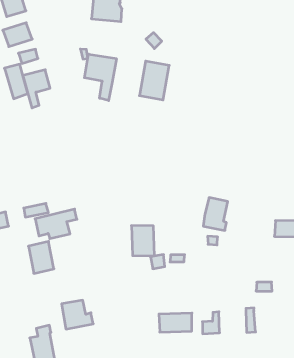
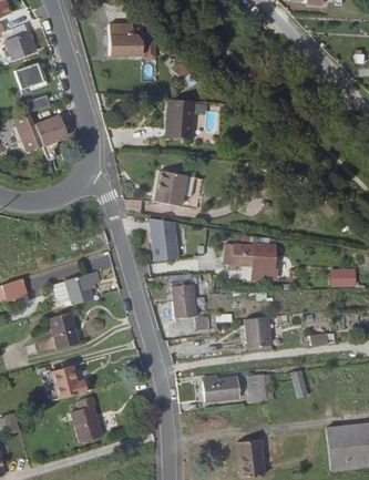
building: [84,54,116,101] -> none
building: none -> [156,170,204,207]
building: none -> [147,215,178,259]
building: none -> [222,243,253,265]
building: none -> [248,316,266,347]
building: [62,300,93,329] -> [49,364,85,397]

